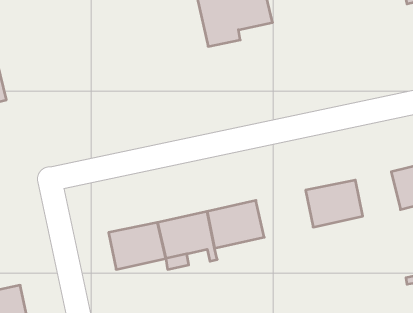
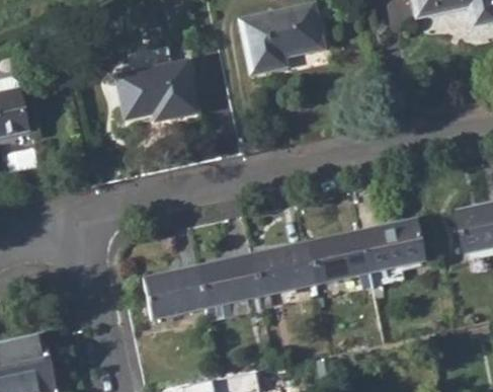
building: none -> [117,63,198,119]
building: none -> [306,230,368,282]

